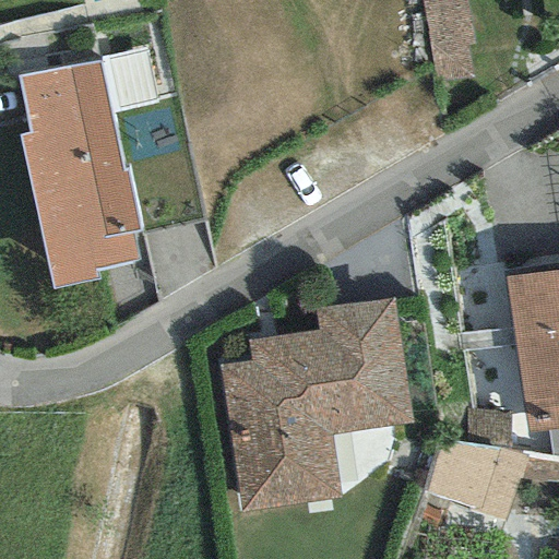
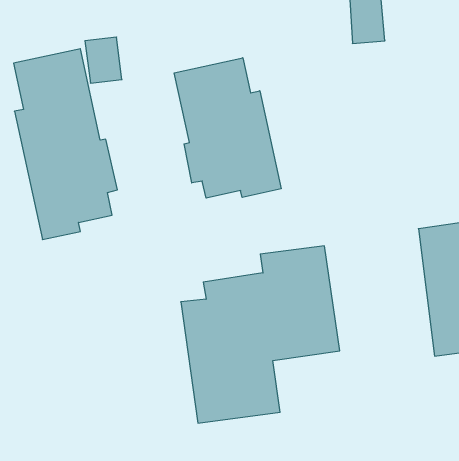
building: none -> [174,58,281,198]
building: [426,438,526,521] -> none

